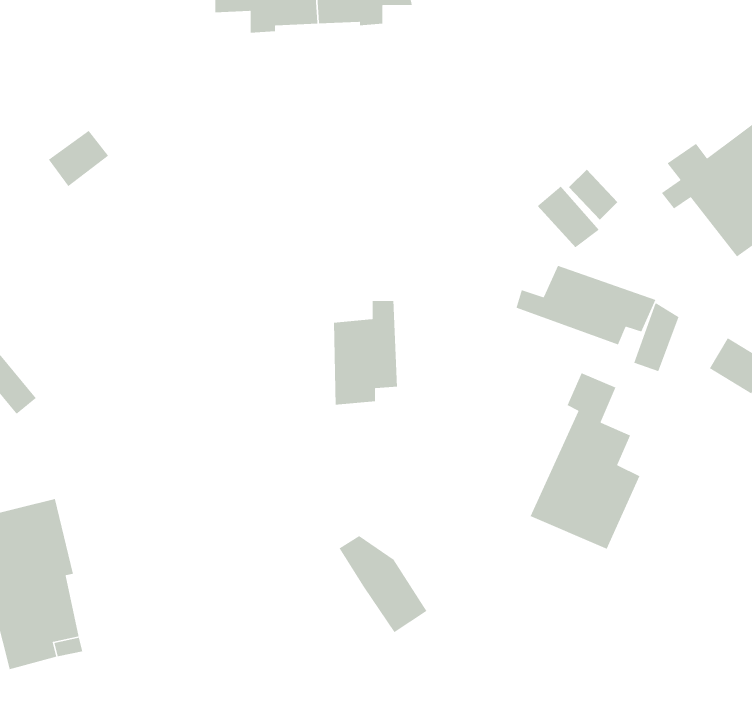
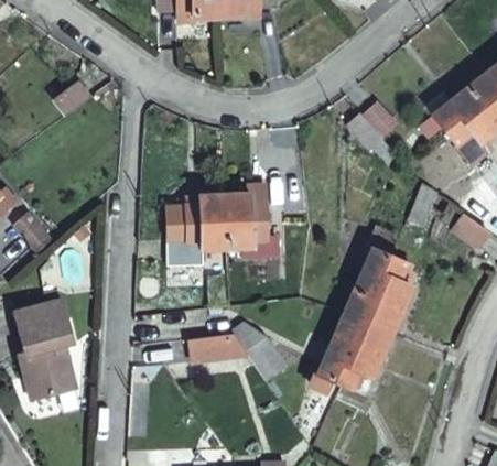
building: [516,265,656,346] -> none
building: none -> [170,195,229,265]
building: none -> [310,311,391,395]
building: none -> [190,329,246,356]

